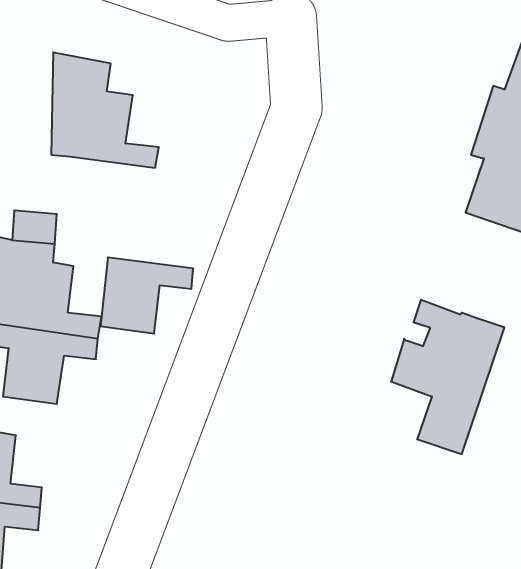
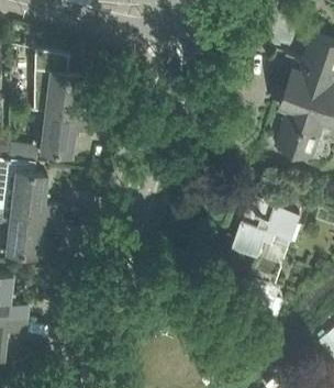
building: [100,257,193,334] -> [38,114,93,159]

